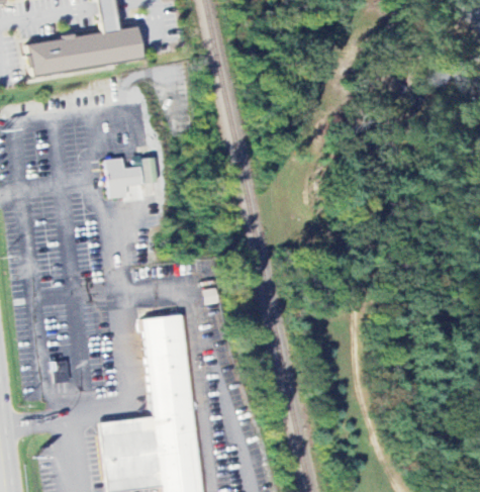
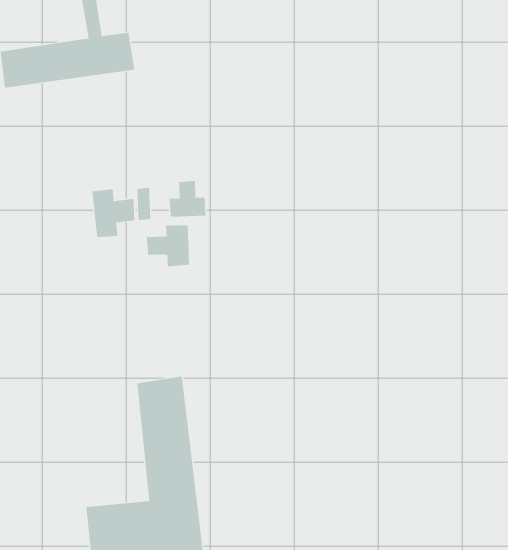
building: none -> [169,180,206,217]
building: none -> [146,224,190,267]

